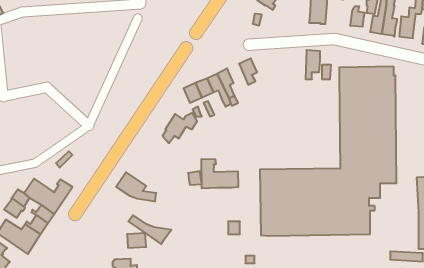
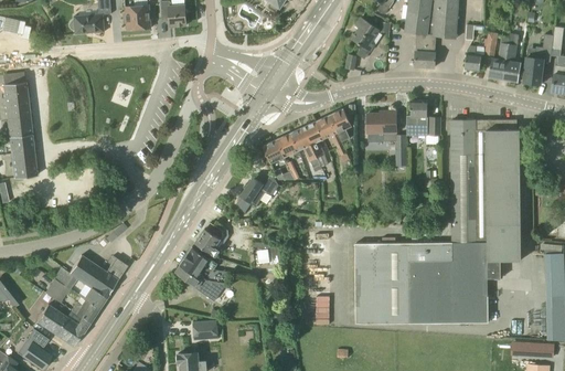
building: none -> [365,110,406,150]
building: none -> [316,116,350,162]
building: none -> [195,223,223,257]
building: [201,159,238,188] -> none
building: [128,215,171,244] -> [175,265,227,300]

